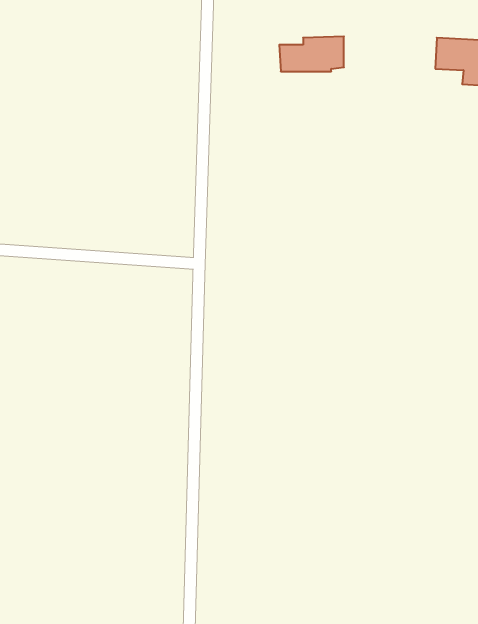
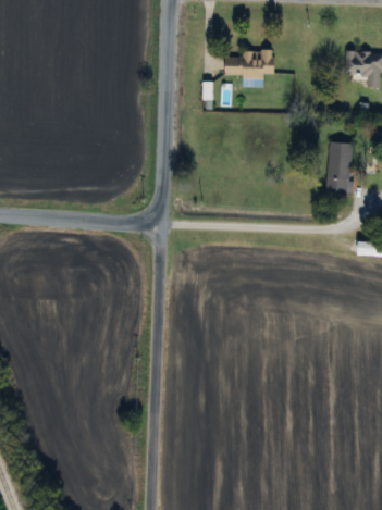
building: none -> [326,142,353,192]

